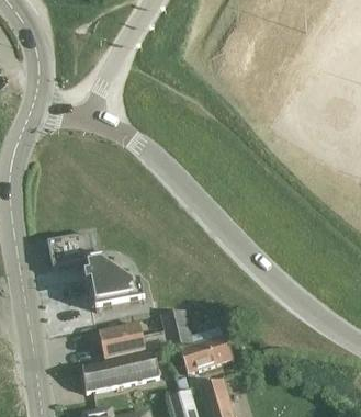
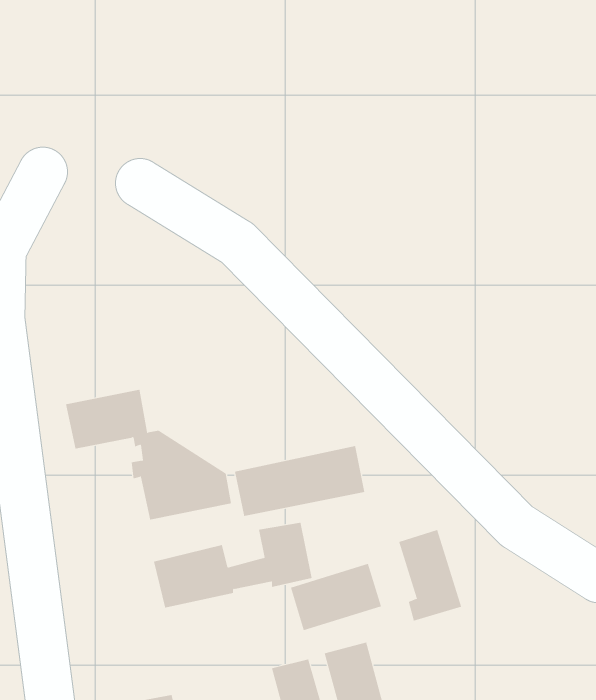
building: none -> [398,529,462,622]
building: [81,349,158,391] -> [234,445,365,517]

